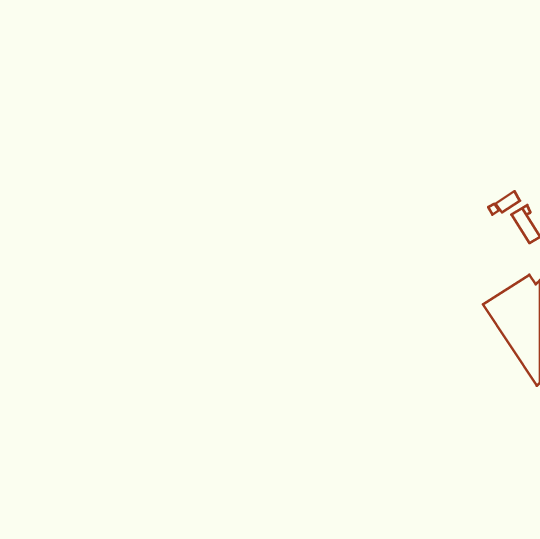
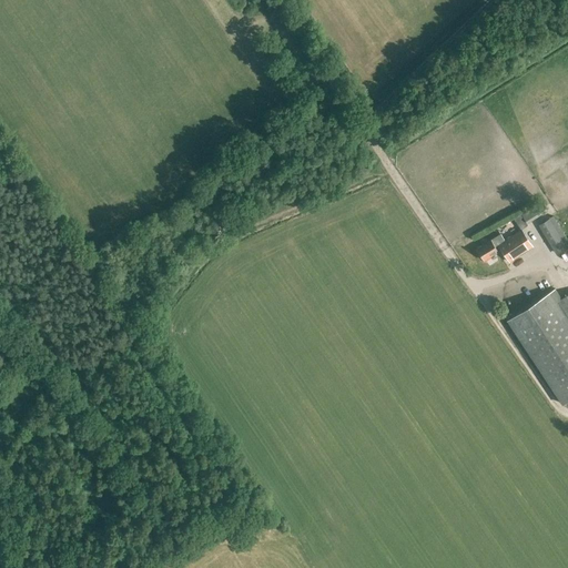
building: none -> [477,231,532,263]

